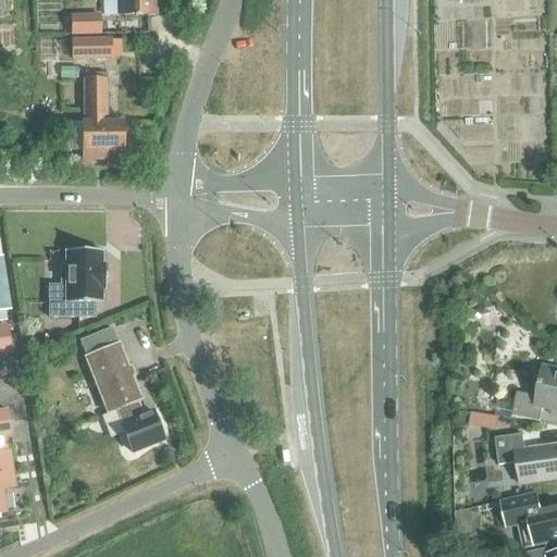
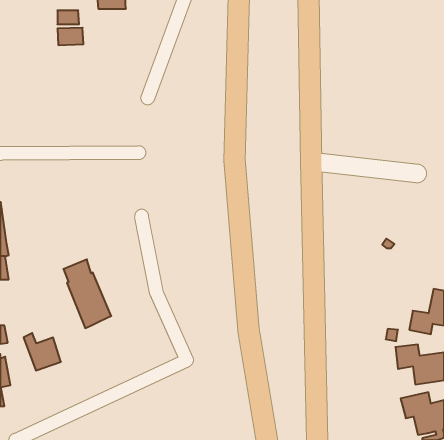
building: [69,75,123,156] -> none
building: [48,248,106,314] -> none
building: [114,403,161,449] -> [24,333,61,370]

